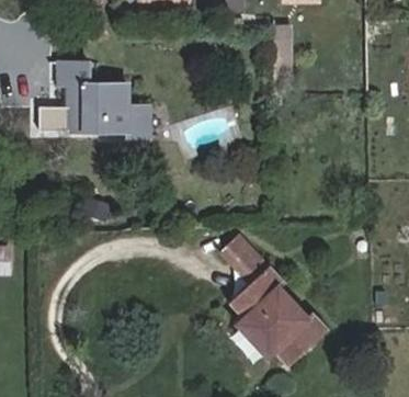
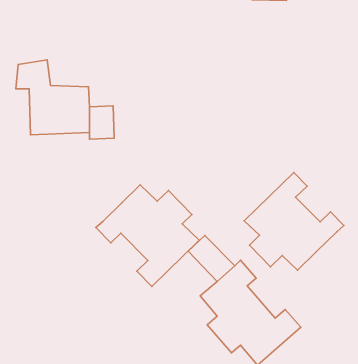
building: none -> [244,172,344,270]
building: none -> [96,185,199,286]

